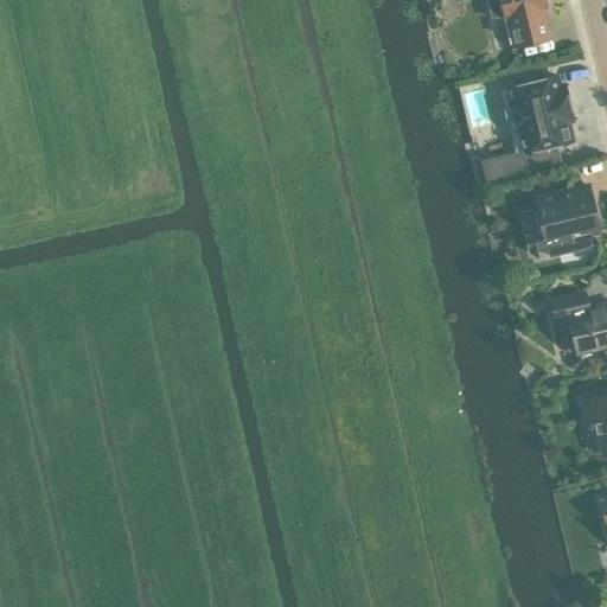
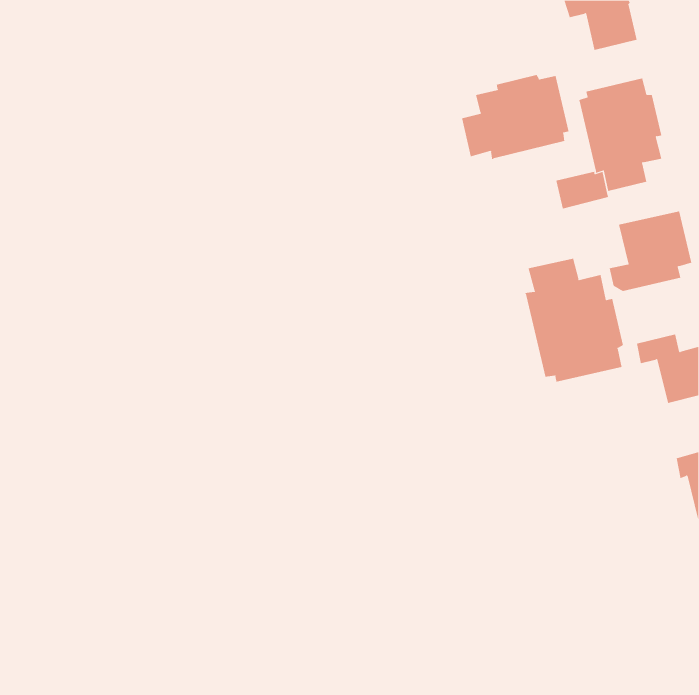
building: none -> [461,74,569,160]
building: none -> [524,258,624,382]

